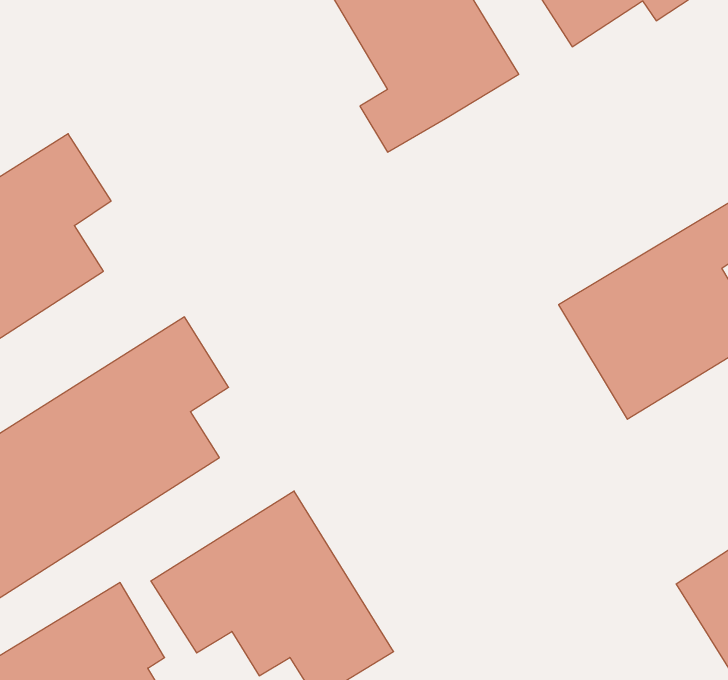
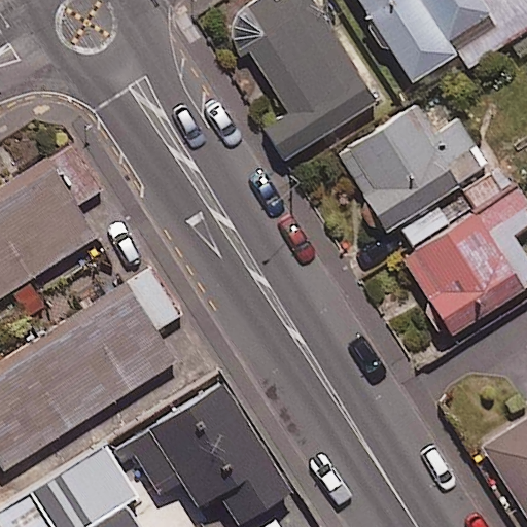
building: none -> [339,104,490,232]

